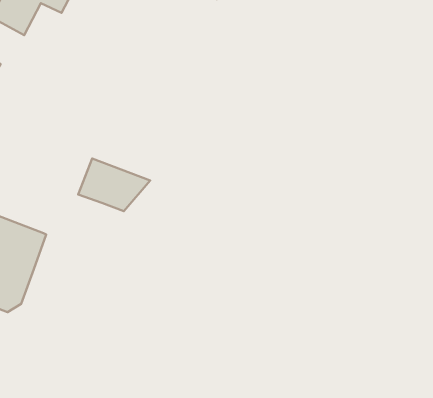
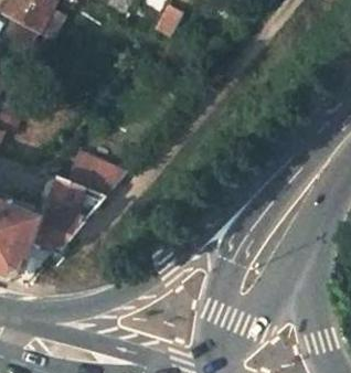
building: none -> [32,179,86,254]

